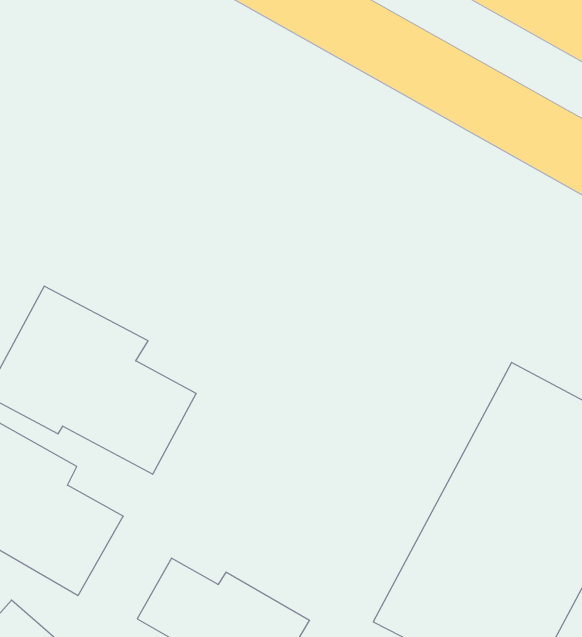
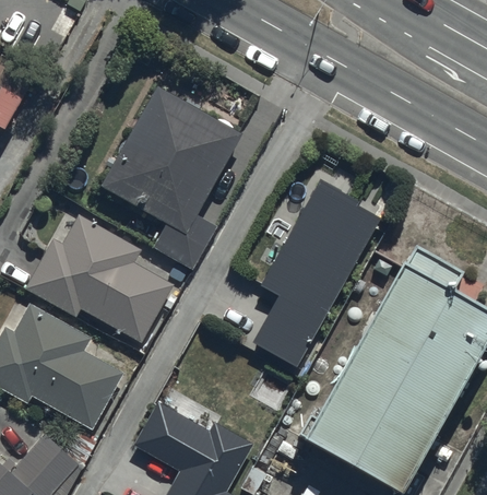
building: none -> [102,87,244,263]
building: none -> [251,182,380,368]

